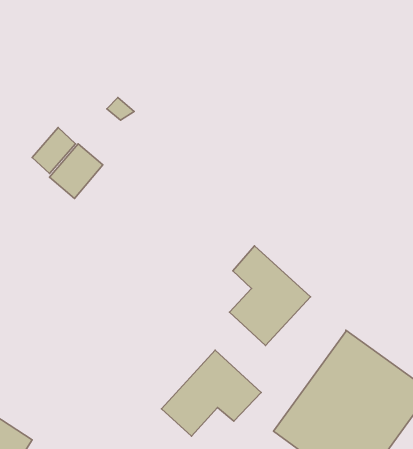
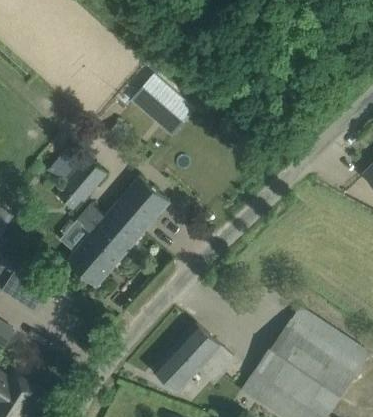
building: none -> [133,76,192,133]
building: none -> [66,176,169,287]
building: [229,246,310,346] -> none

